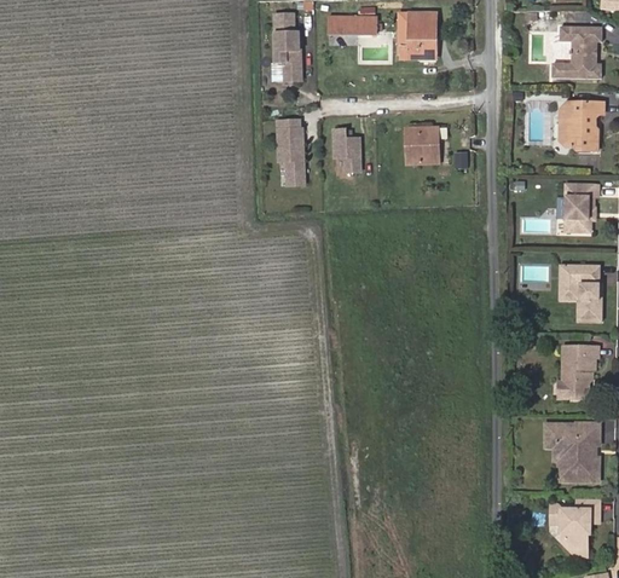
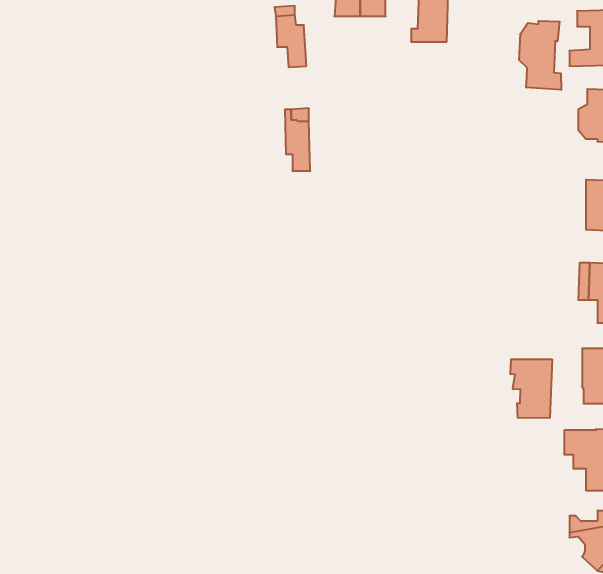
building: none -> [519,21,561,90]
building: [331,126,358,167] -> none
building: [401,128,434,161] -> none
building: none -> [510,359,552,418]

